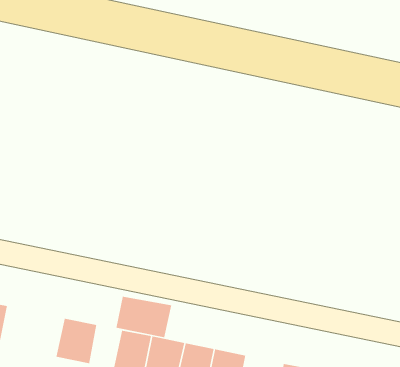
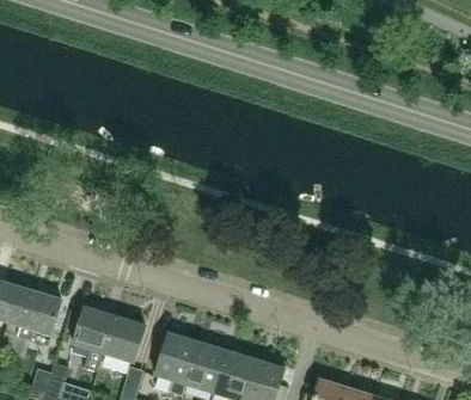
building: [115,296,172,338] -> none
building: none -> [72,306,114,352]

